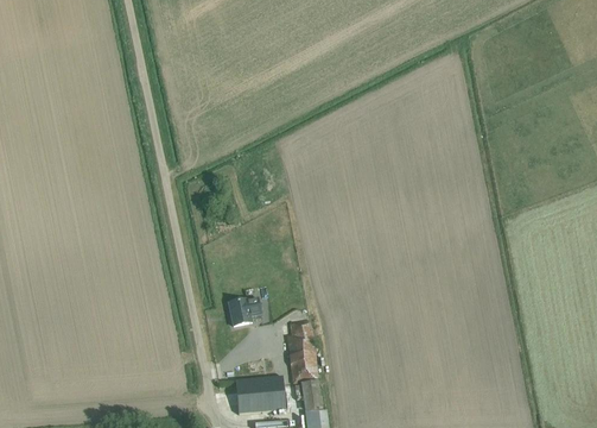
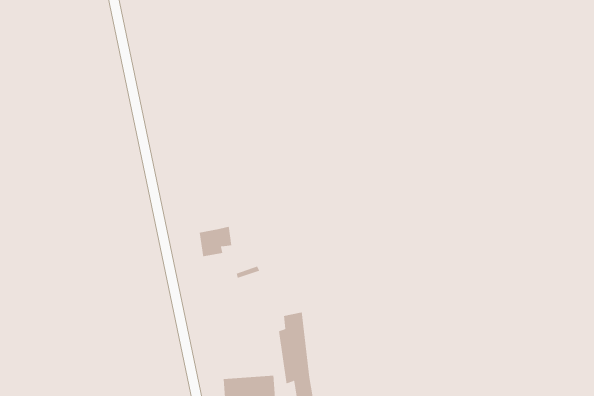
building: [229,298,260,327] -> [199,226,232,257]

